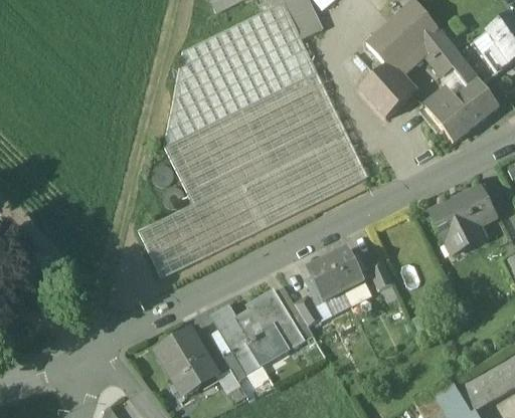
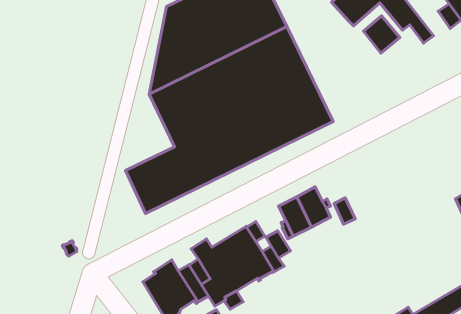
building: [359,65,412,119] -> none
building: [425,81,498,143] -> none
building: [432,188,496,248] -> none

